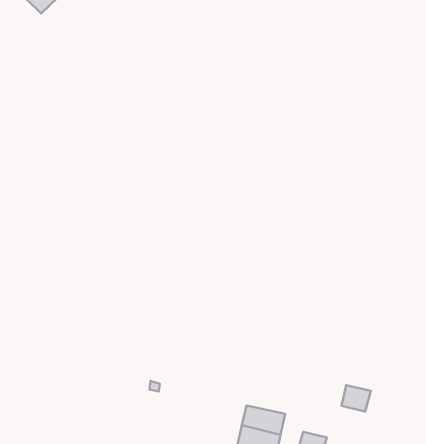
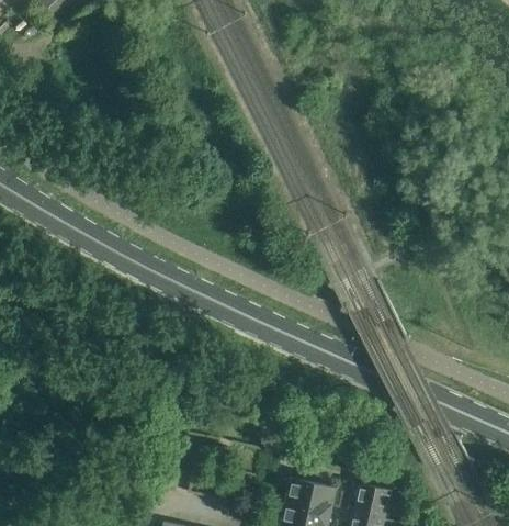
building: [342,385,371,412] -> [358,483,392,514]

